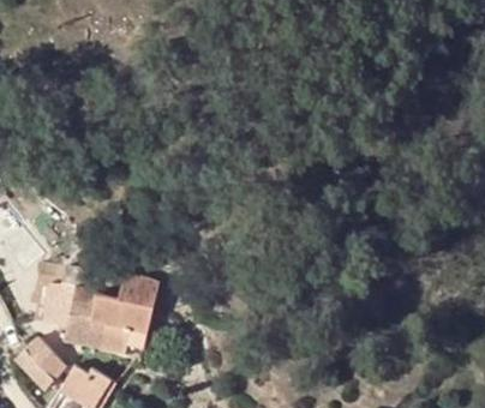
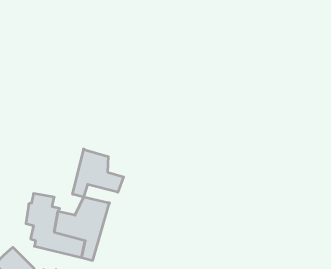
building: none -> [73,149,124,197]

